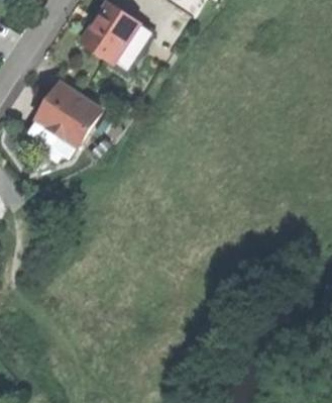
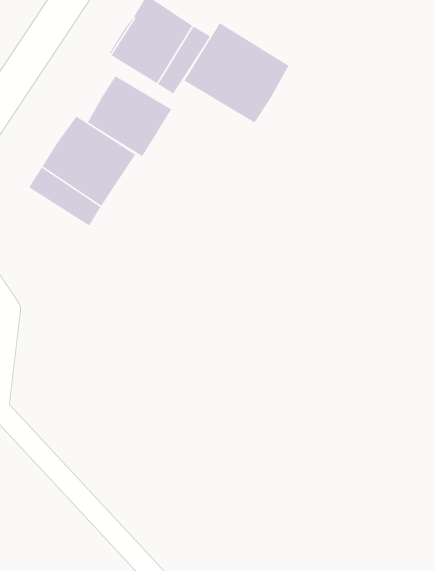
building: none -> [183,22,289,124]
building: none -> [87,75,172,157]

